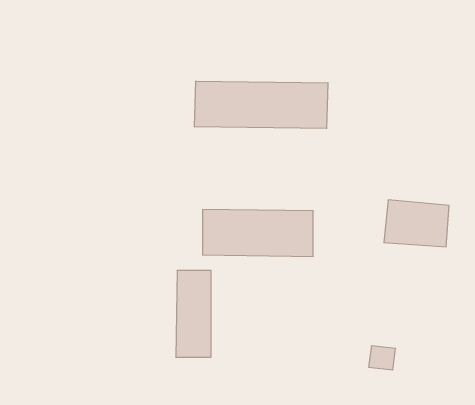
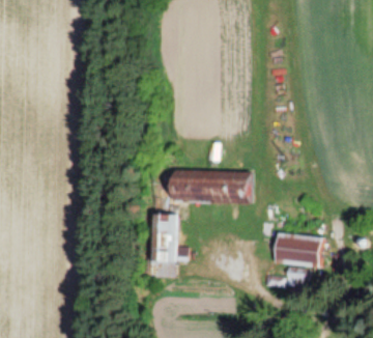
building: [195,81,328,129] -> none
building: [384,200,449,247] -> [274,232,321,266]

